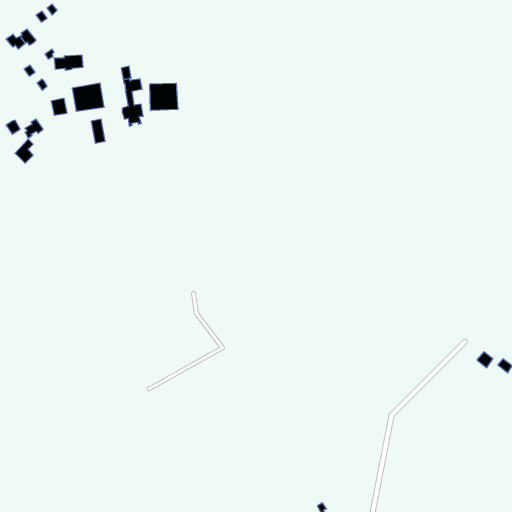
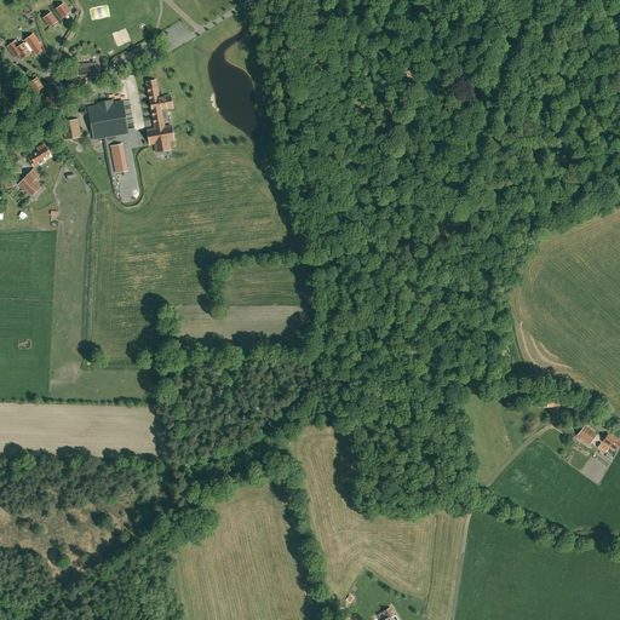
building: [150,83,178,111] -> none

